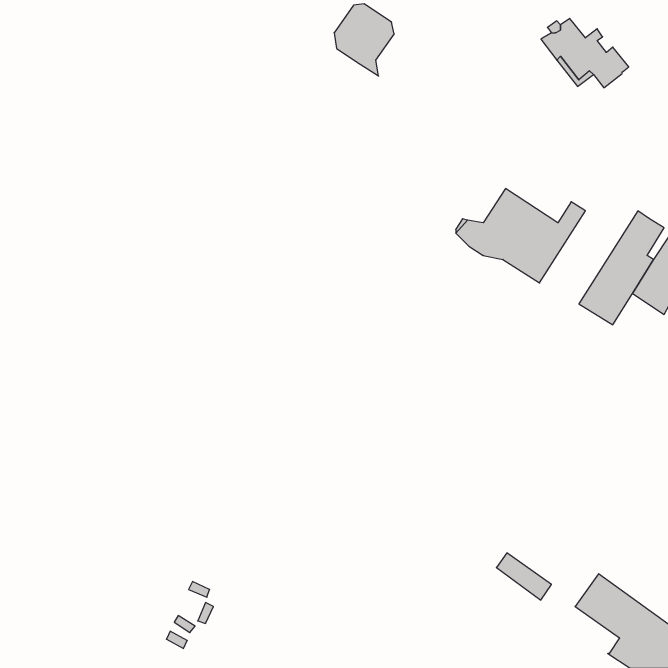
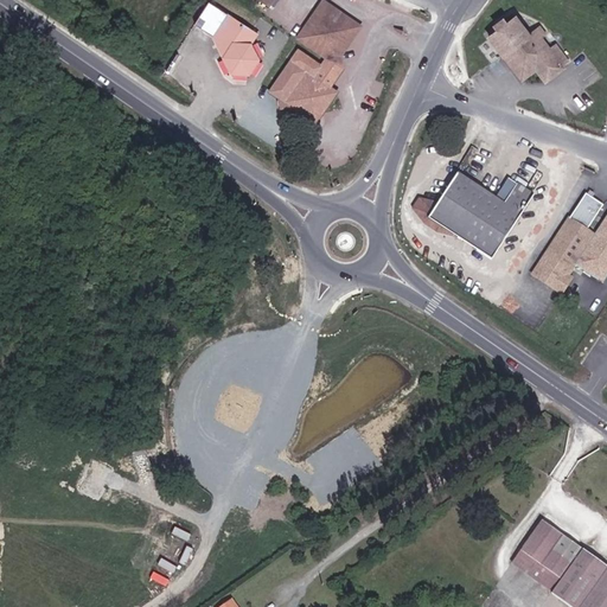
building: none -> [210,15,255,77]
building: none -> [270,58,344,116]
building: [496,553,551,600] -> [512,549,562,592]

